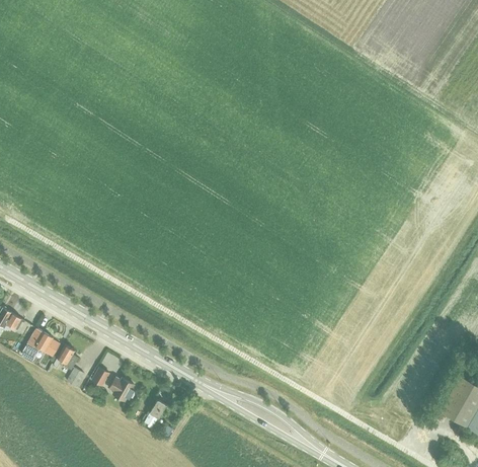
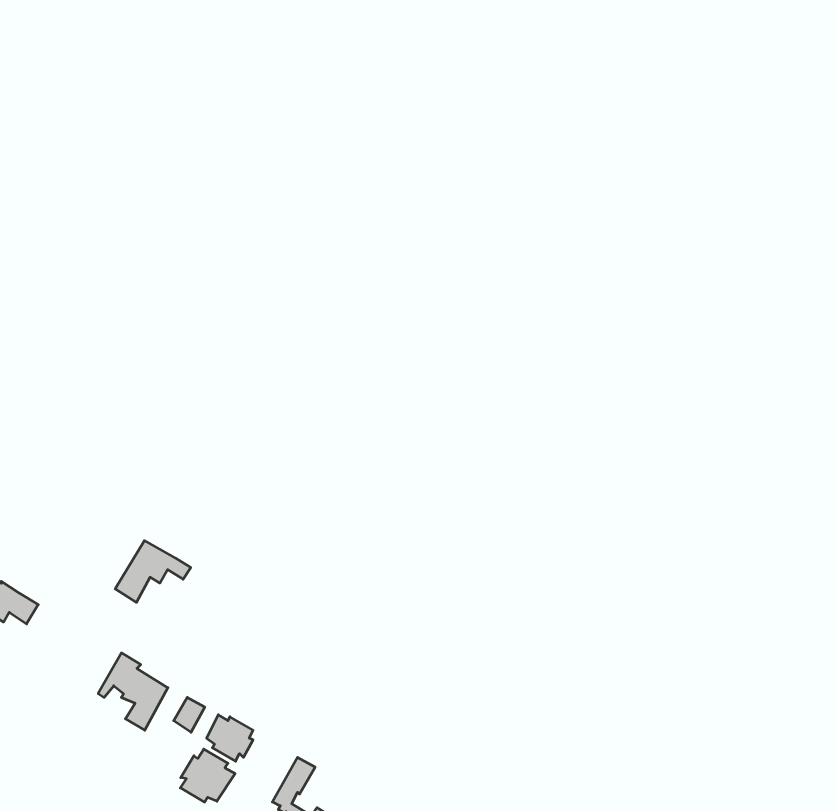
building: [21,329,61,362] -> [115,541,191,602]
building: none -> [180,749,235,802]

